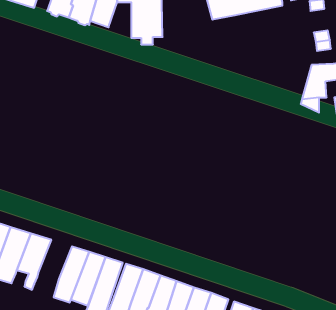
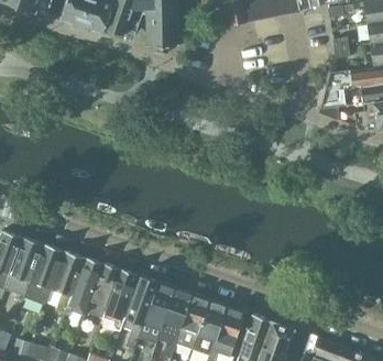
building: none -> [51,251,86,315]

